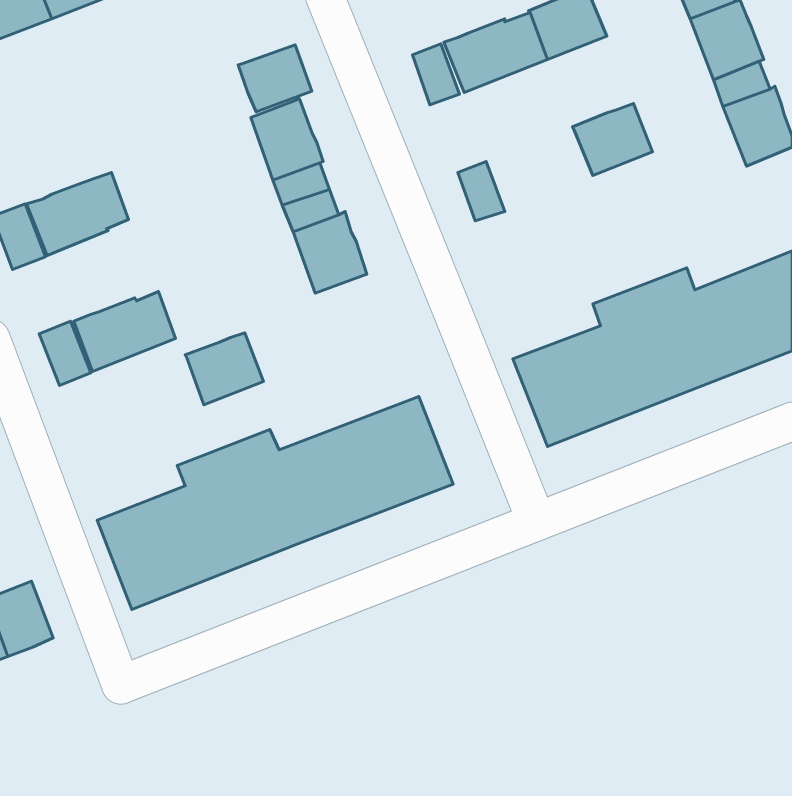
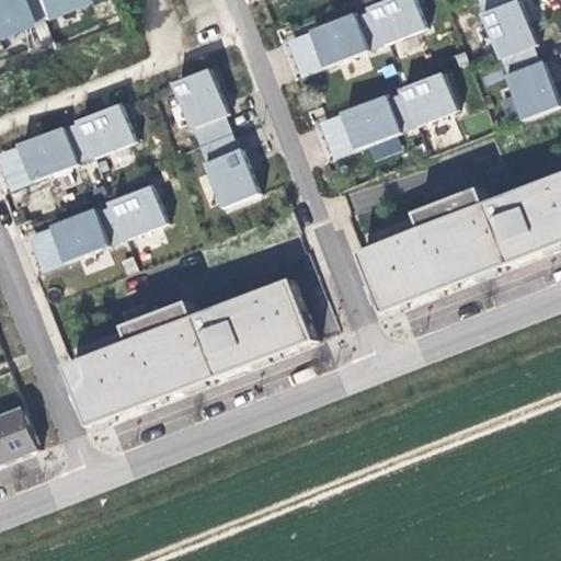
building: [238,45,312,112] -> none
building: none -> [342,91,414,146]
building: none -> [78,103,134,156]
building: [185,333,264,405] -> [110,186,164,237]

